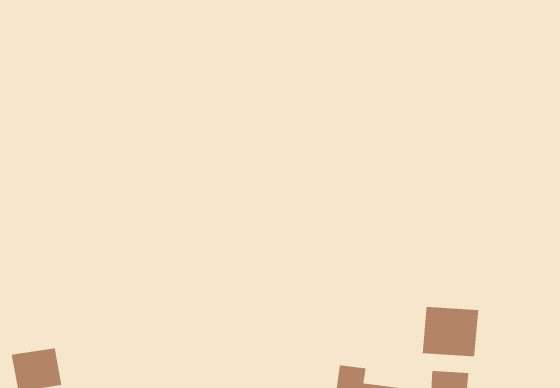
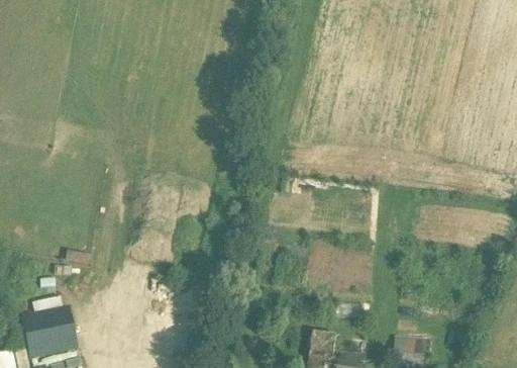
building: [422,306,479,357] -> none

